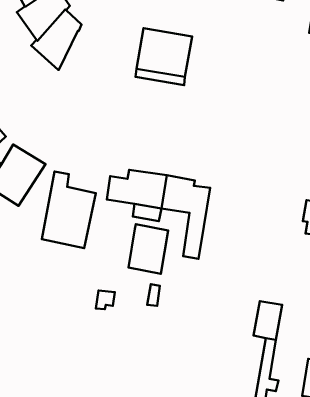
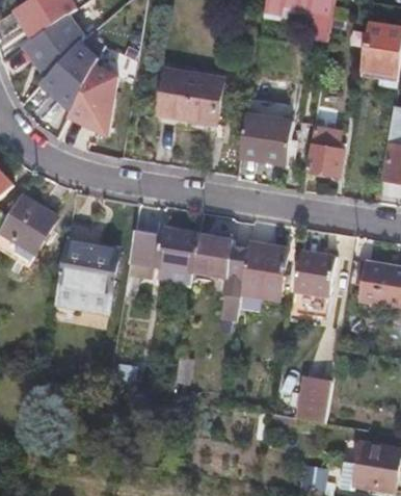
building: none -> [69,66,117,136]
building: none -> [241,97,298,163]
building: none -> [308,129,343,175]
building: none -> [292,251,332,296]
building: [129,224,168,274] -> [240,241,286,298]

